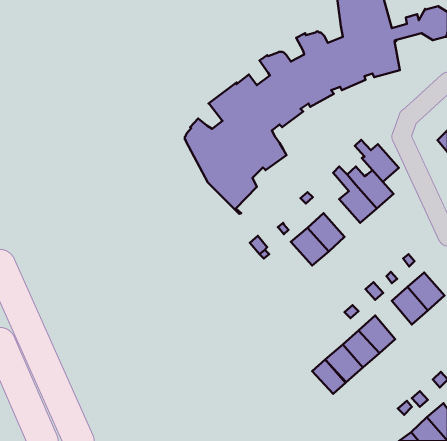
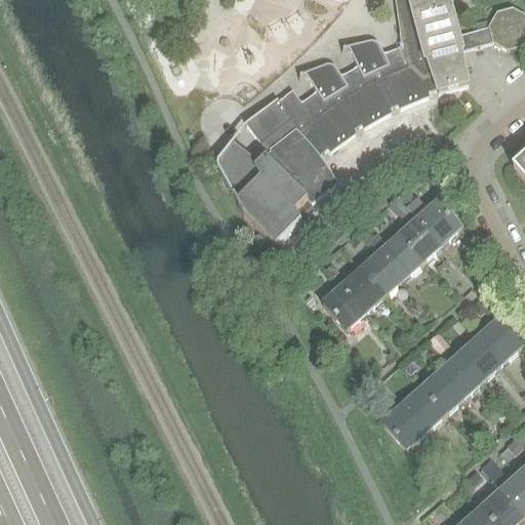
building: [355,140,399,182] -> [371,228,422,277]
building: none -> [323,283,366,328]
building: none -> [440,352,483,397]
building: [312,360,345,394] -> none

